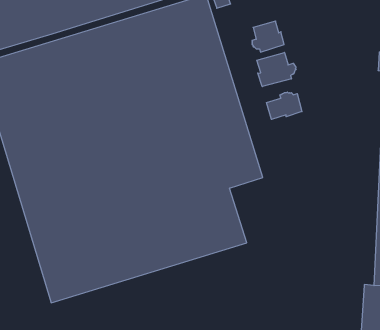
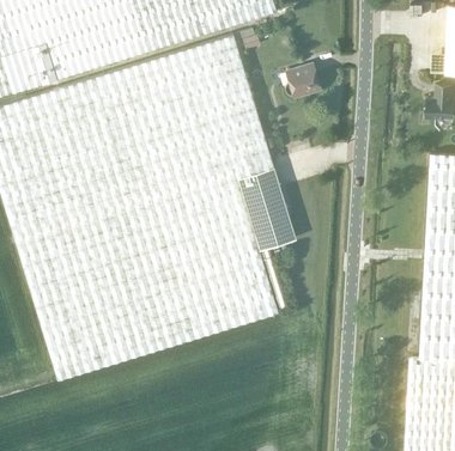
building: [257,52,296,87] -> none
building: [266,92,302,119] -> none

